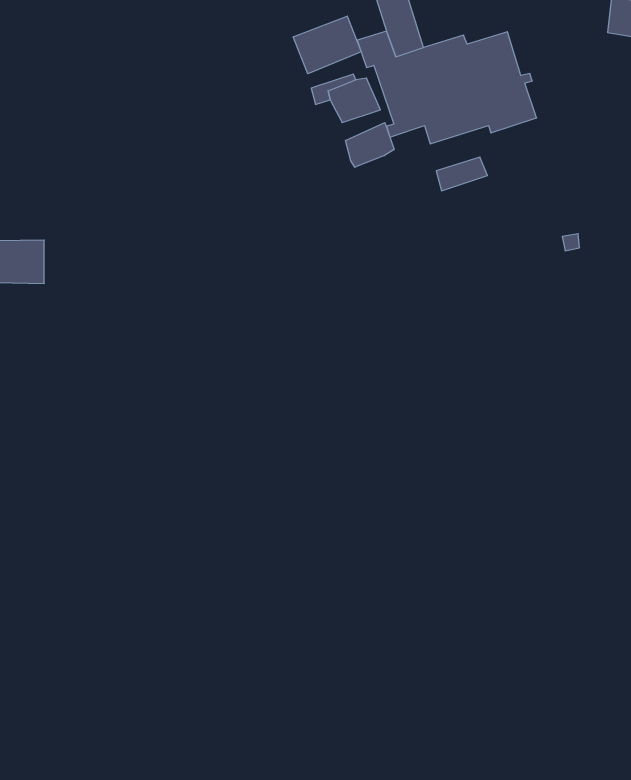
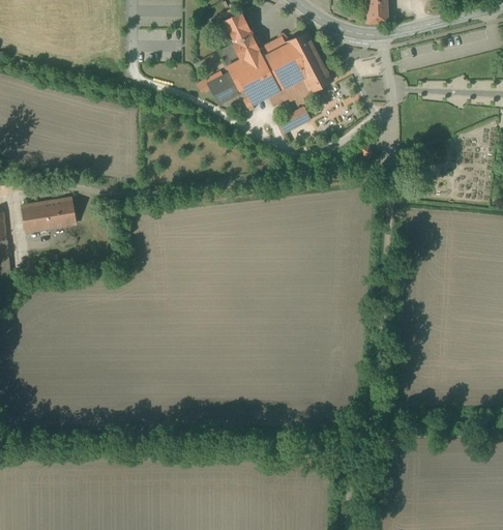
building: [293,16,361,74] -> none
building: [346,123,394,167] -> none
building: none -> [52,199,77,228]

